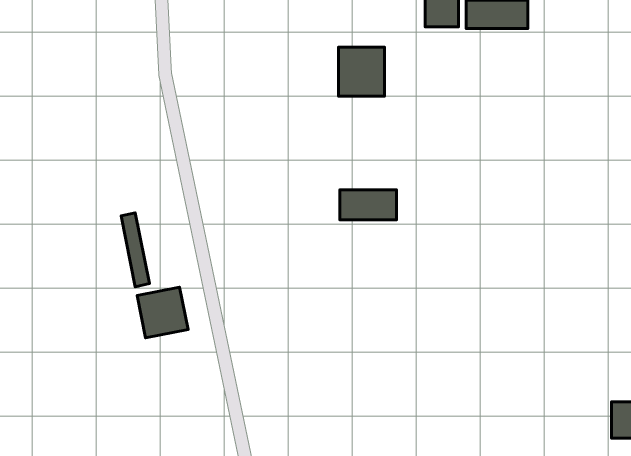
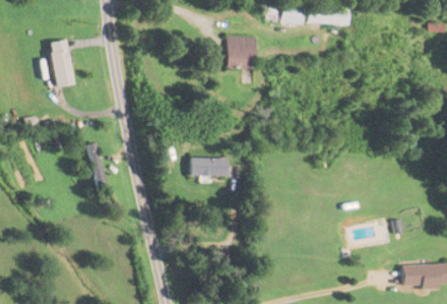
building: none -> [49,40,75,86]
building: [340,190,396,220] -> [191,158,228,177]
building: [137,287,188,338] -> none

